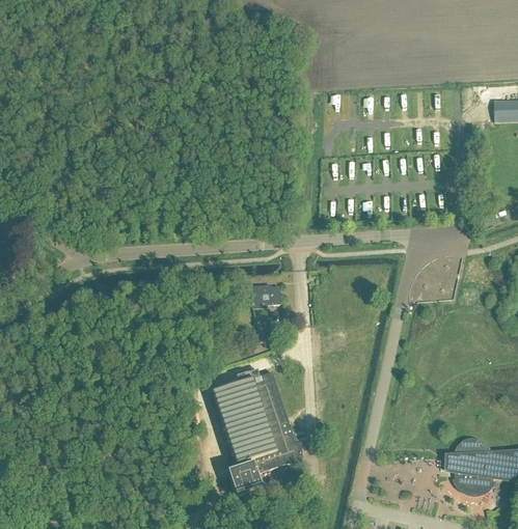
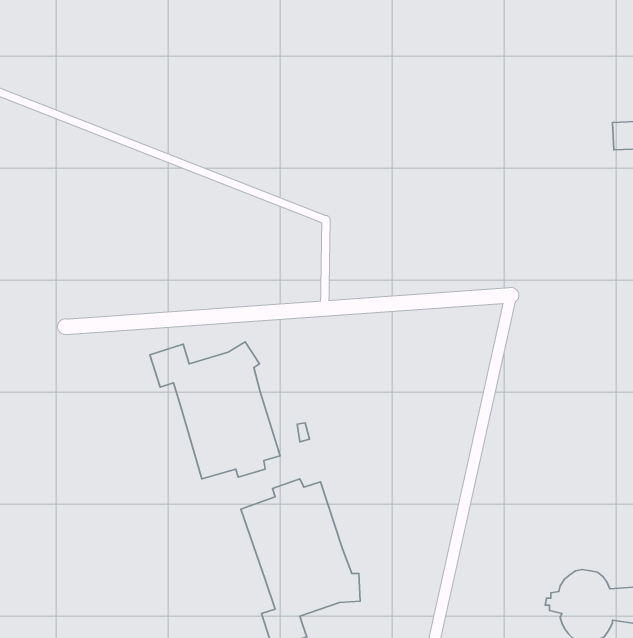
building: none -> [150,342,280,479]
building: [250,284,280,308] -> none

